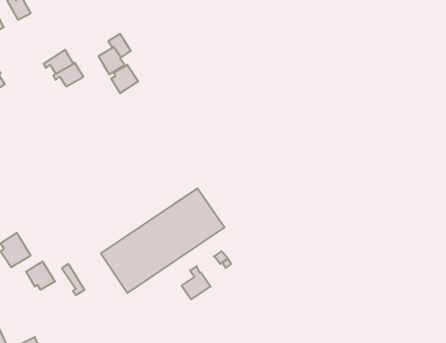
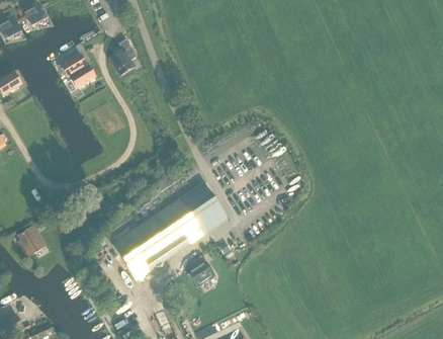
building: [111,65,138,93] -> none
building: [26,261,55,290] -> none

